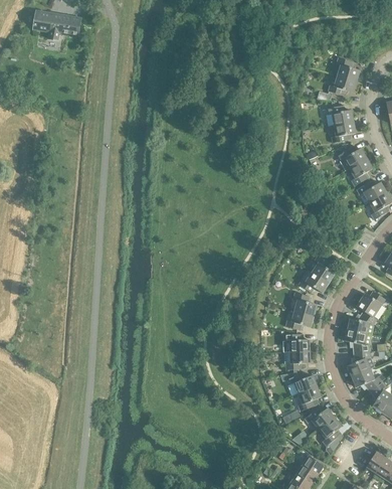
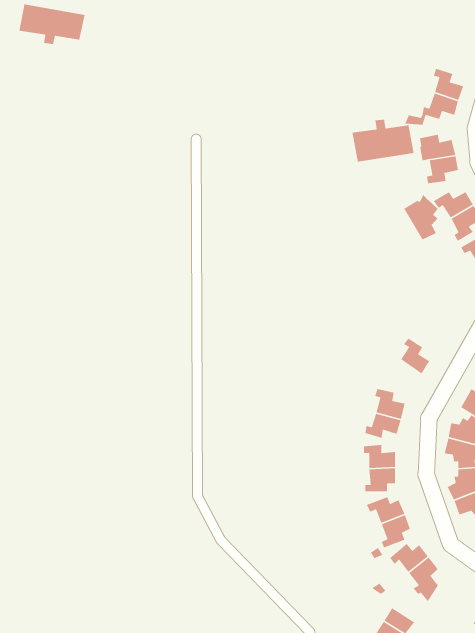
building: none -> [352,119,415,163]
building: none -> [403,194,438,241]
building: [299,268,329,292] -> none

